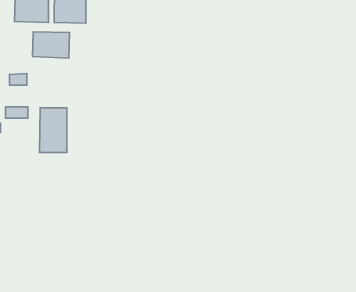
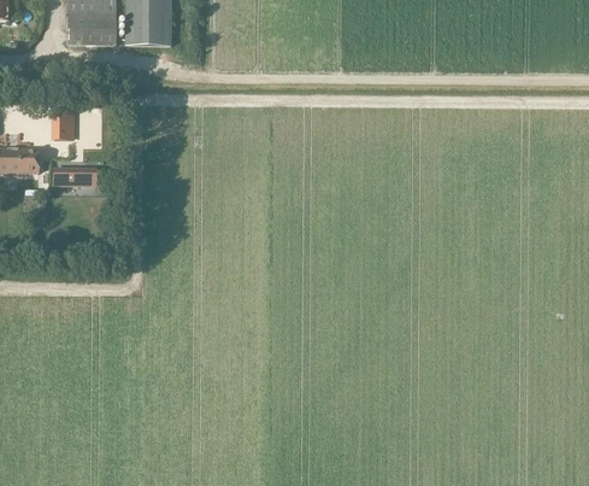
building: [33,32,69,58] -> none
building: [39,108,67,153] -> none

